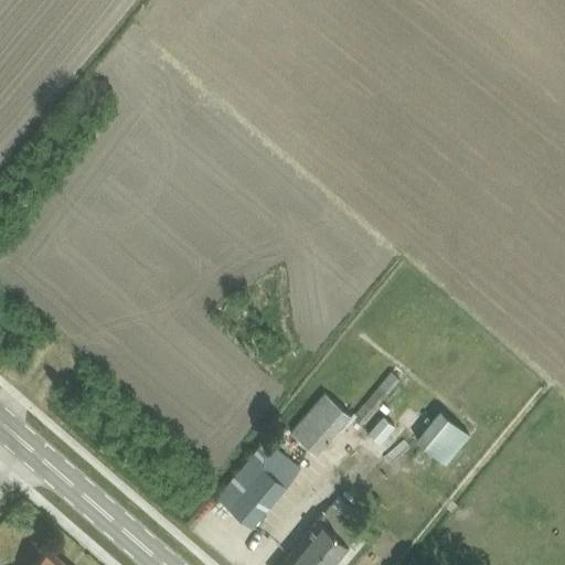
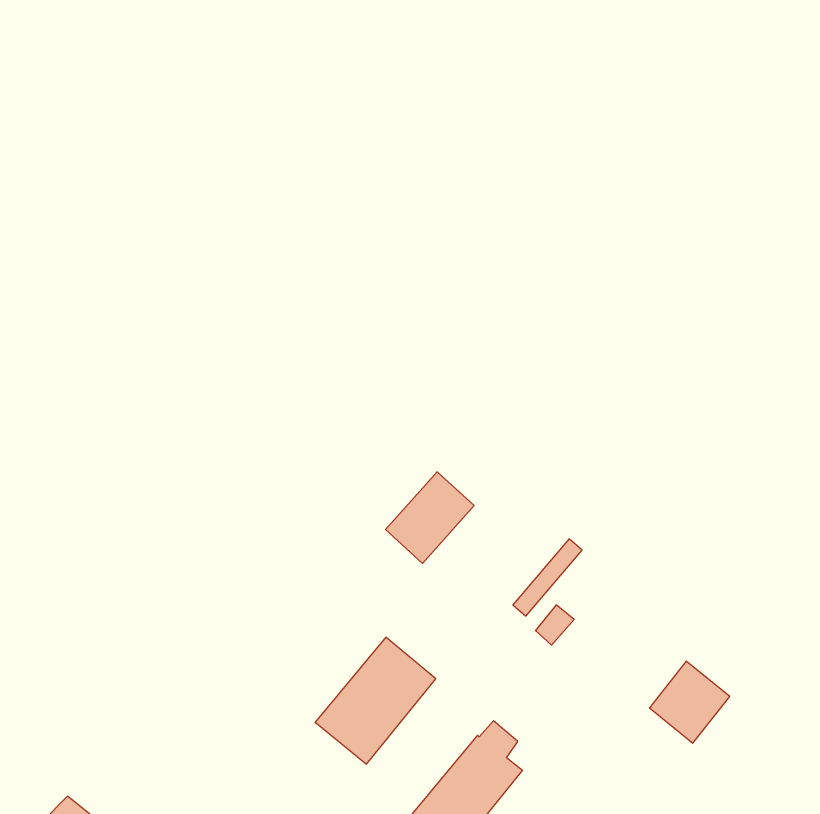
building: [289,396,350,459] -> [386,472,474,563]
building: [413,414,468,470] -> [649,661,730,743]

